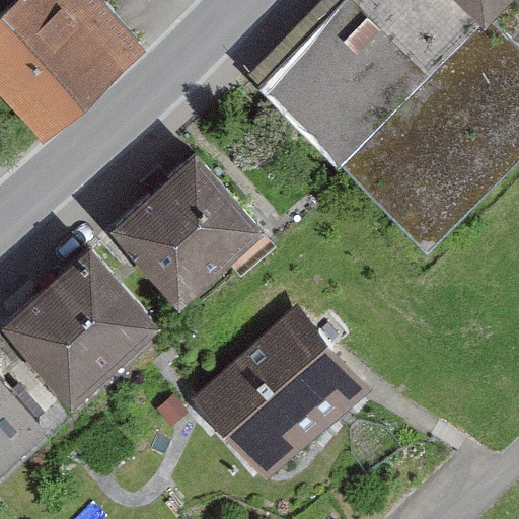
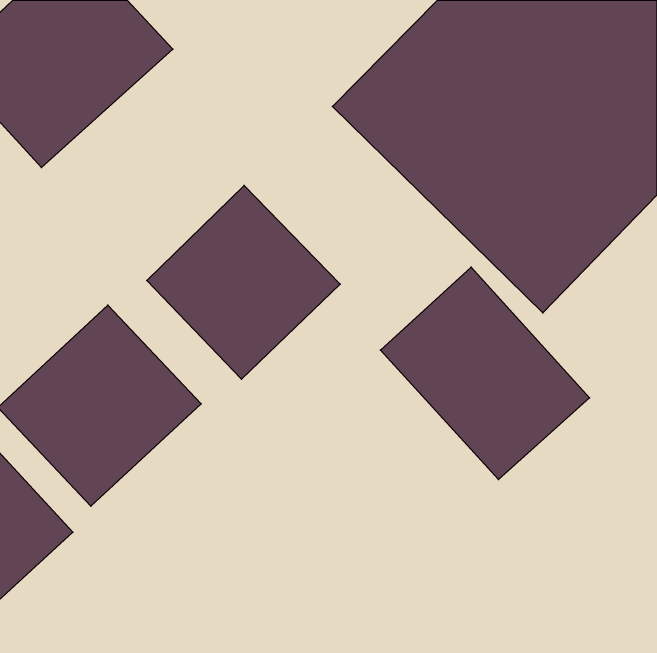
building: none -> [380,267,590,480]
building: [200,313,383,494] -> none

